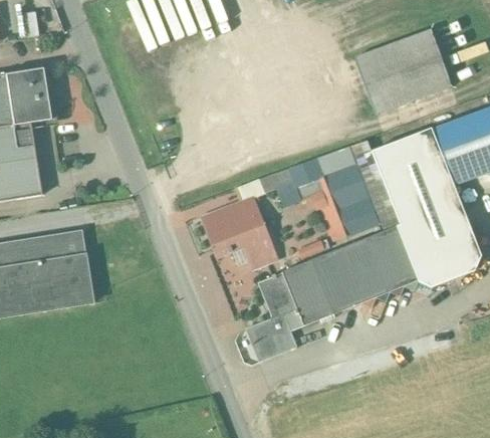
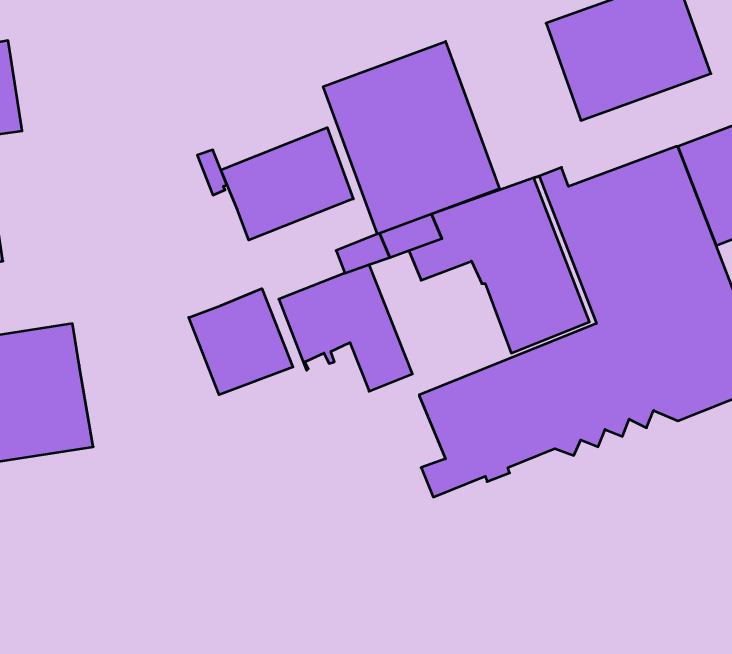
building: none -> [323,41,500,234]
building: none -> [221,128,353,240]
building: none -> [189,289,293,395]
building: [245,272,297,360] -> none

